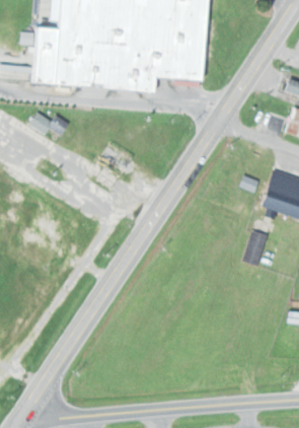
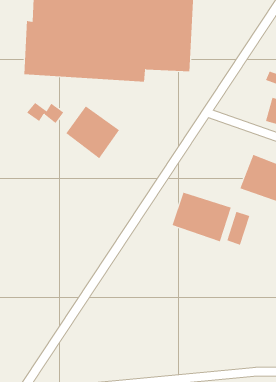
building: none -> [65,106,120,159]
building: none -> [172,192,231,242]

